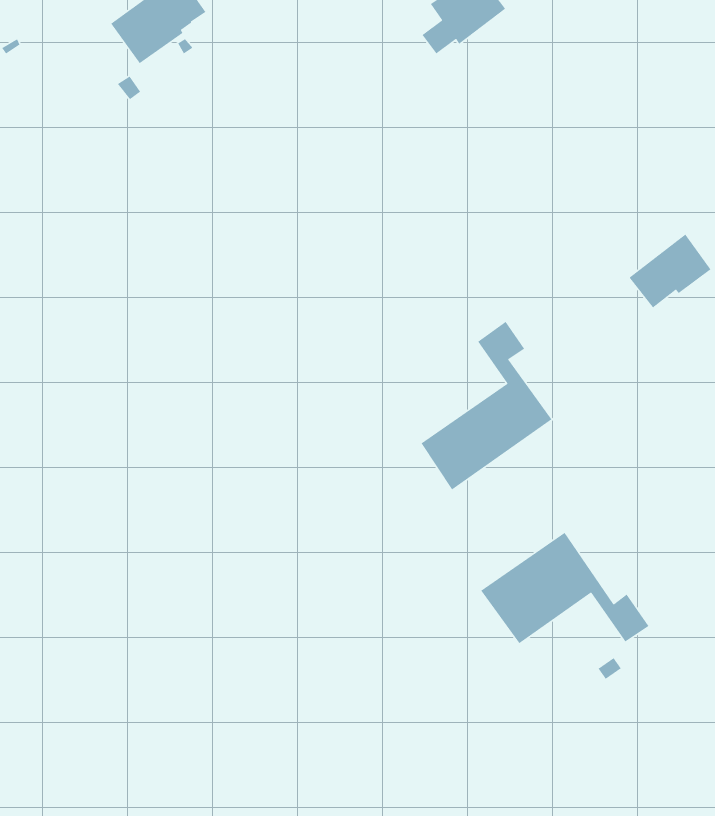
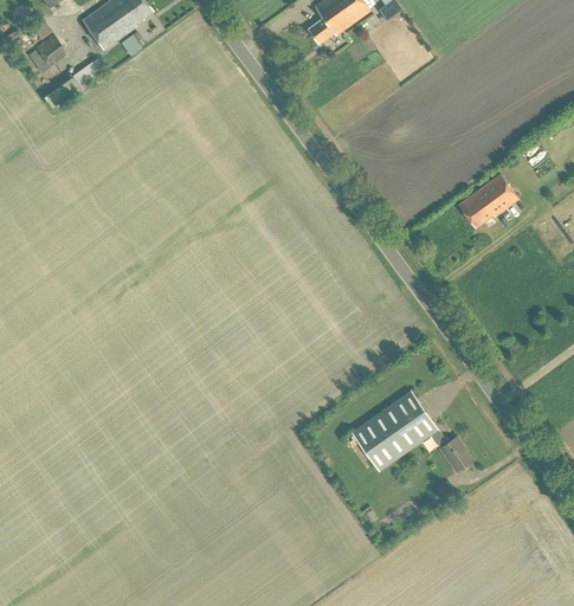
building: none -> [27,34,66,73]
building: [421,321,553,491] -> none

